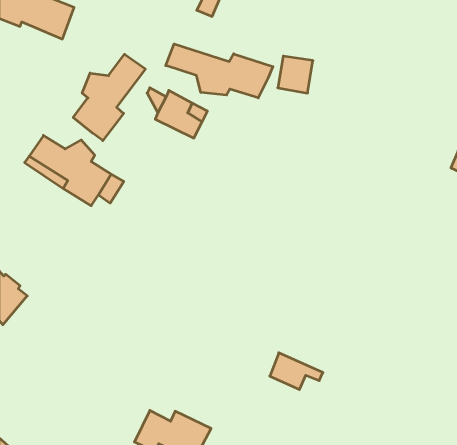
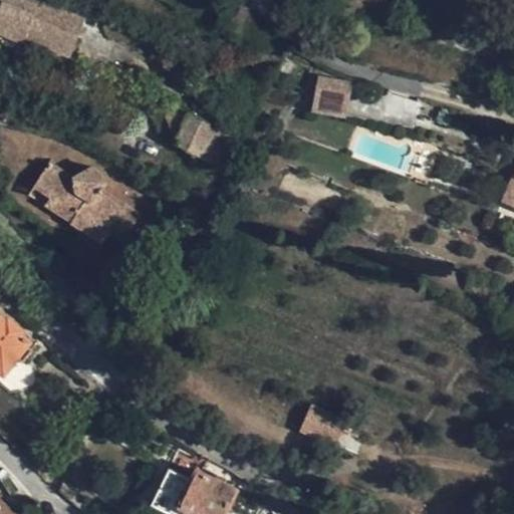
building: [166,44,273,98] -> none
building: [73,54,145,141] -> none

